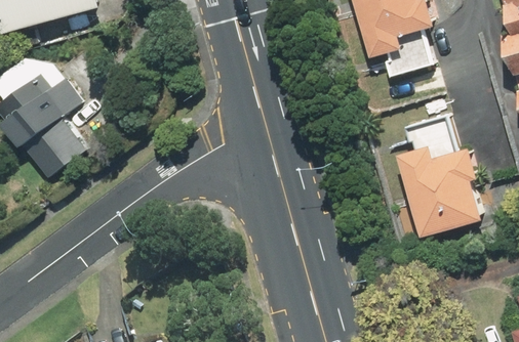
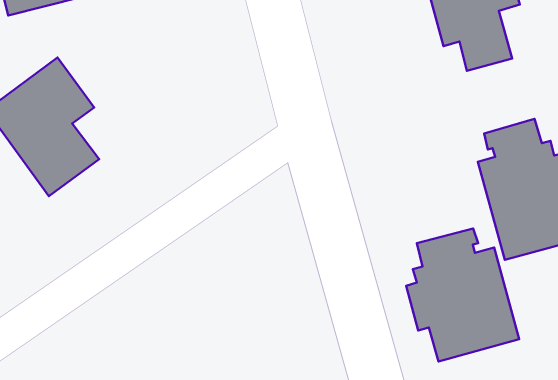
building: none -> [406,229,519,362]

